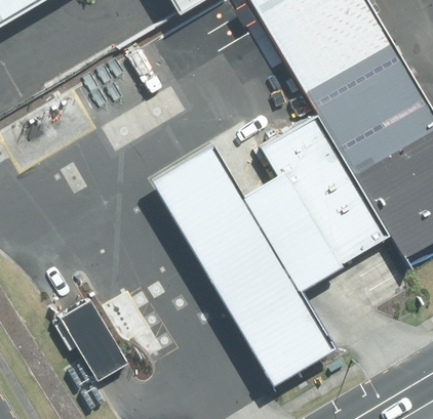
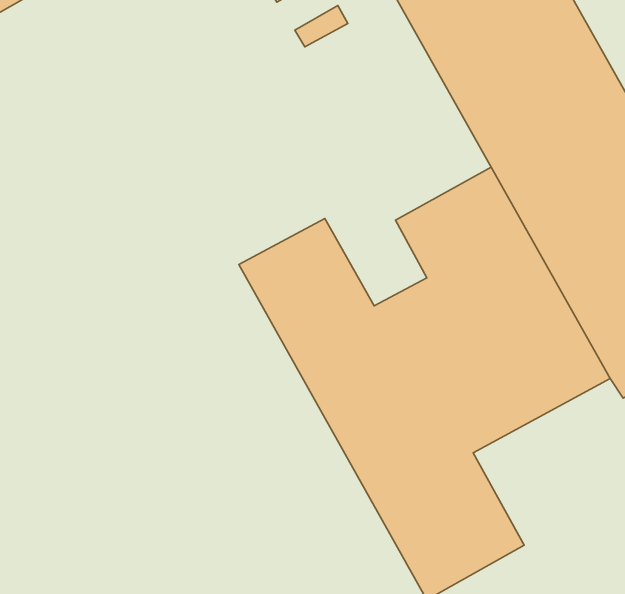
building: [58,290,124,371] -> none

